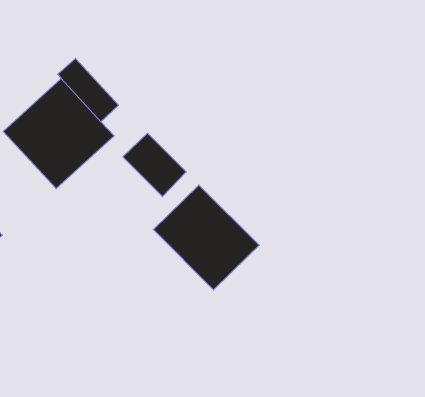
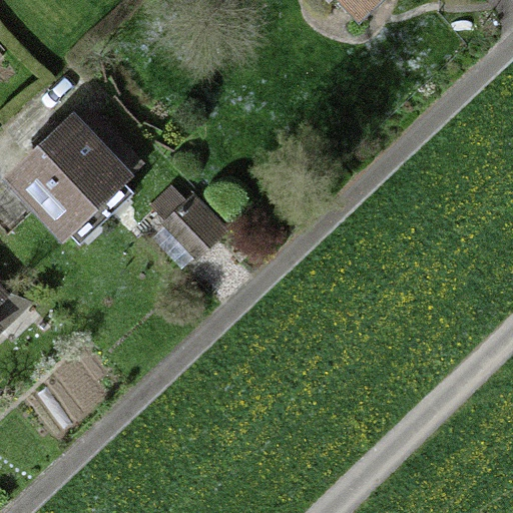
building: [153,185,259,290] -> none

